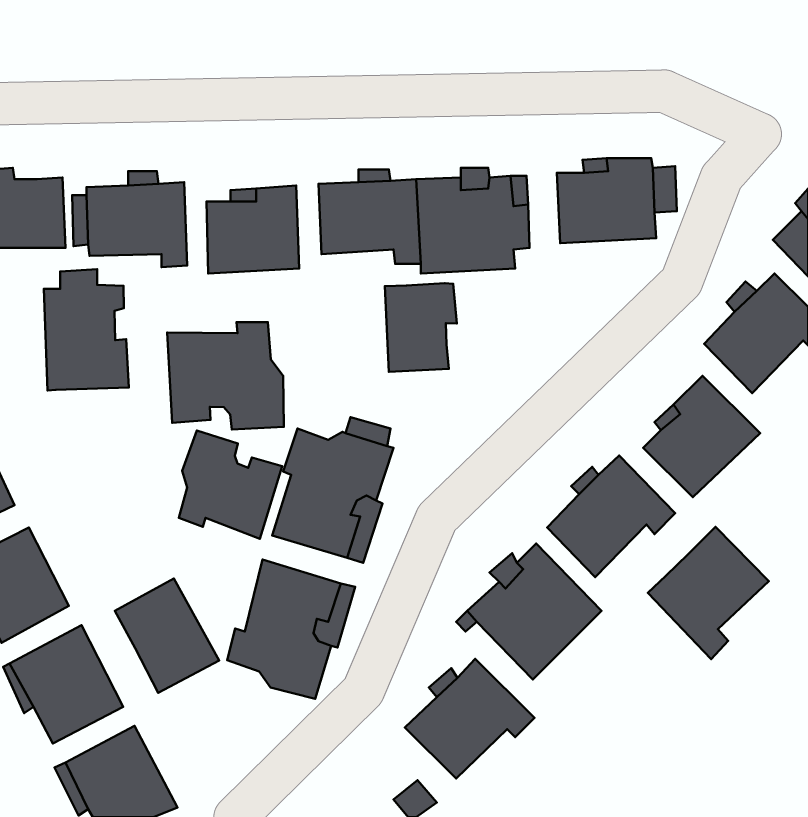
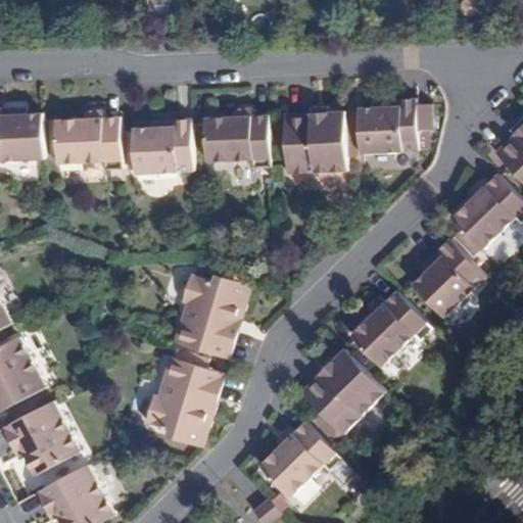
building: [44,269,129,391] -> none
building: [385,283,457,372] -> none
building: [167,322,284,430] -> none
building: [179,431,282,539] -> none
building: [648,527,769,659] -> none
building: [115,579,219,693] -> none

